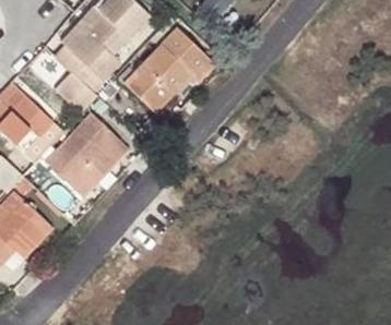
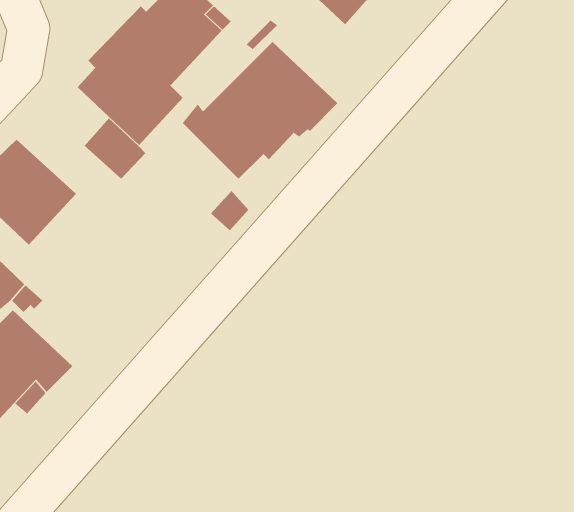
building: [45,128,130,196] -> none

